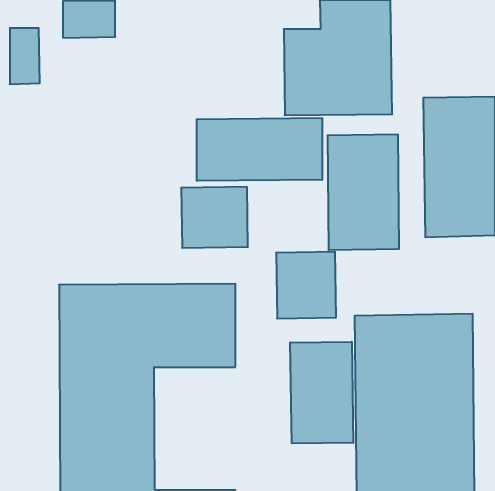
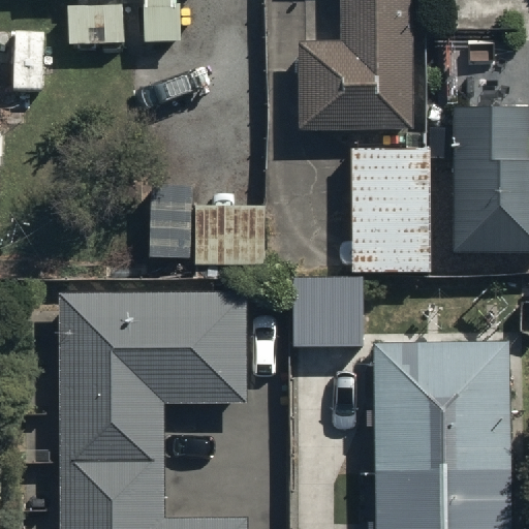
building: [197,118,322,181] -> none
building: [290,342,353,443] -> none

